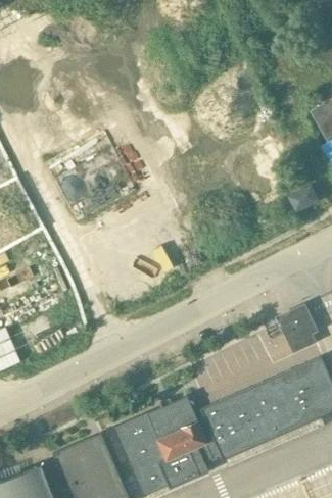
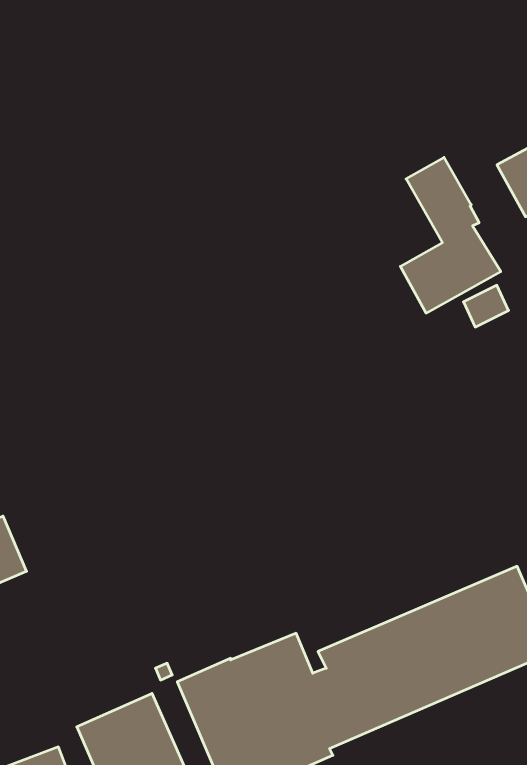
building: none -> [400,157,501,313]
building: [282,309,313,350] -> none

